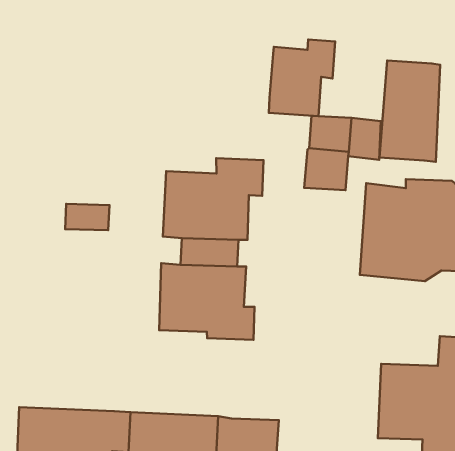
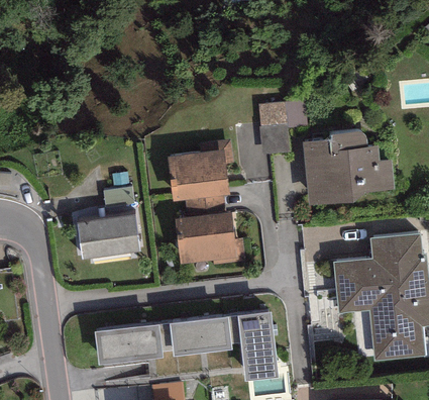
building: [269,39,335,116] -> none
building: [380,60,440,162] -> none
building: none -> [77,214,140,259]

